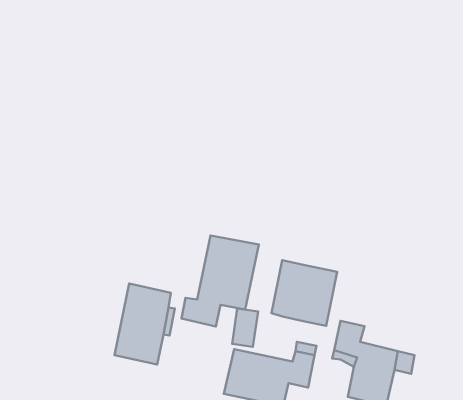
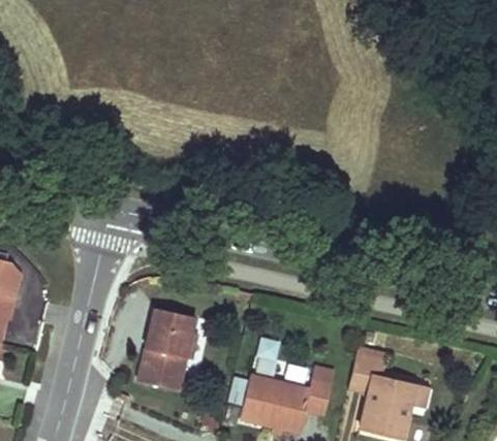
building: [182,235,259,326] -> none
building: [272,260,337,326] -> none

